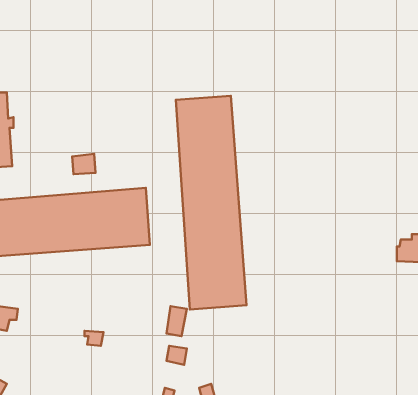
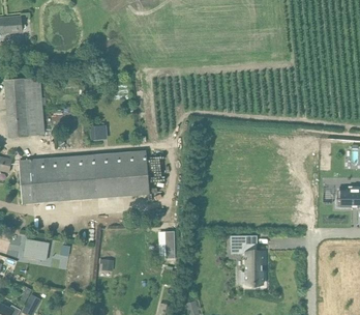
building: [176,96,246,310] -> none
building: none -> [230,235,263,284]

